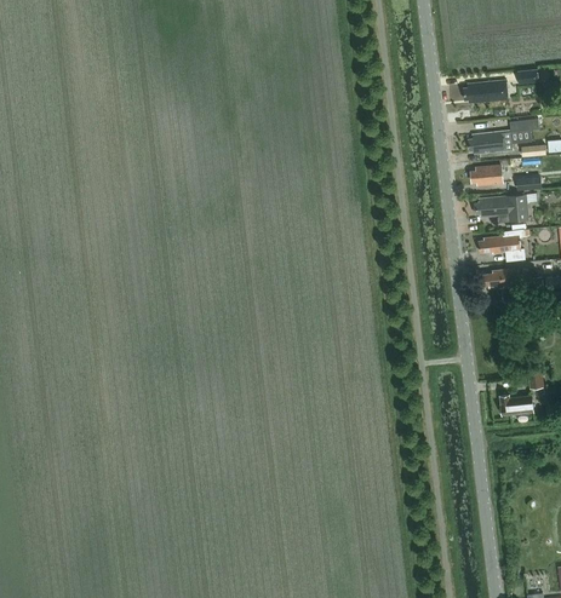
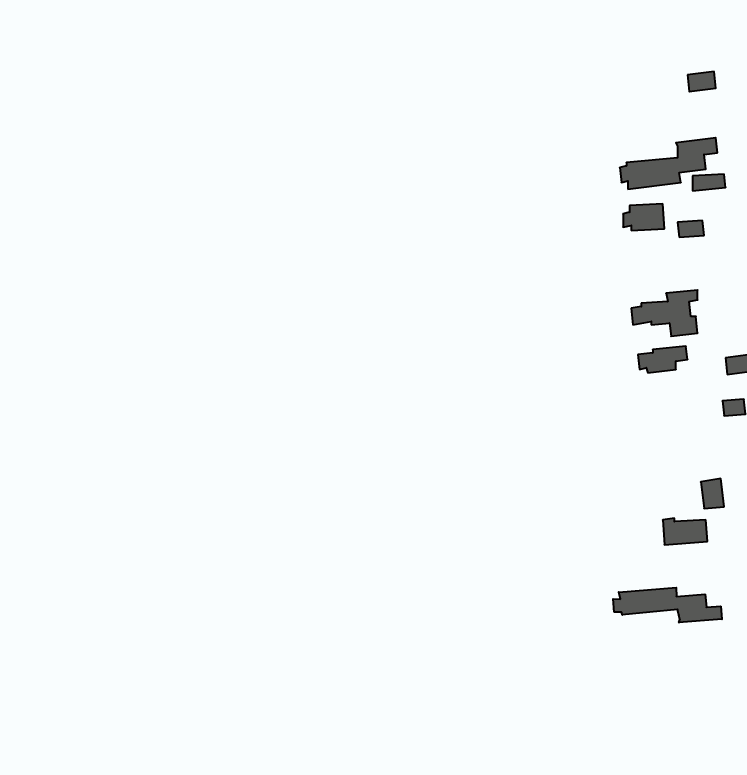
building: [462,79,506,103] -> none
building: [473,195,527,223] -> none
building: none -> [613,588,722,623]

